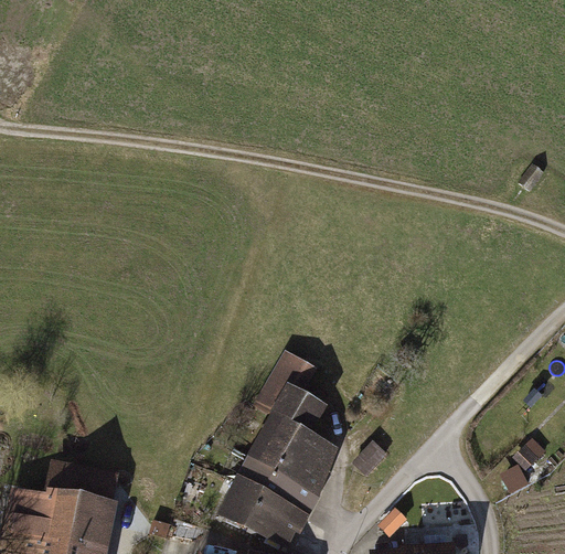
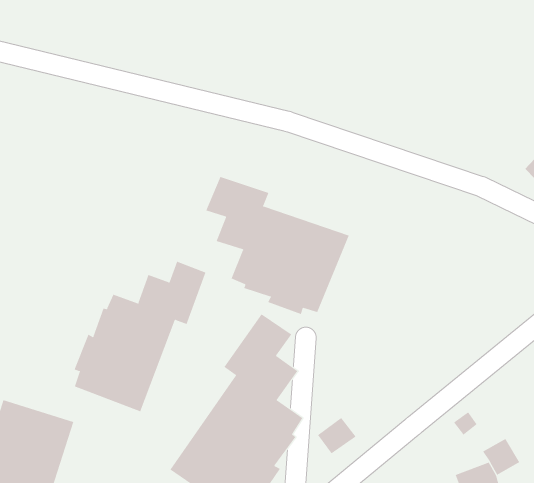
building: none -> [206,176,350,315]
building: none -> [74,261,206,412]

